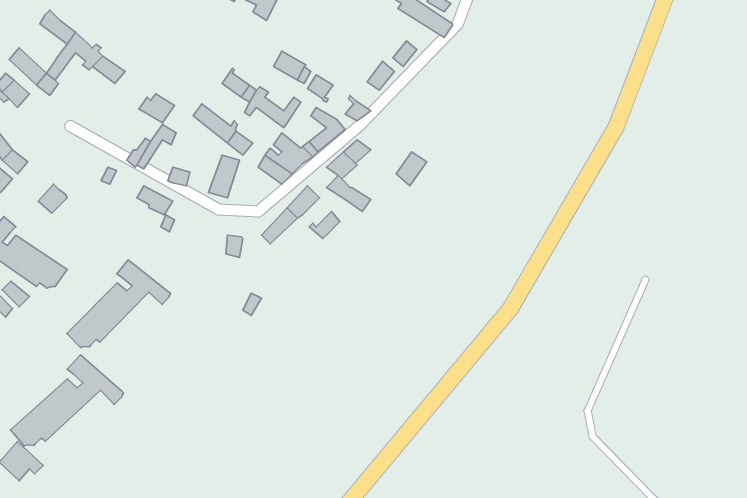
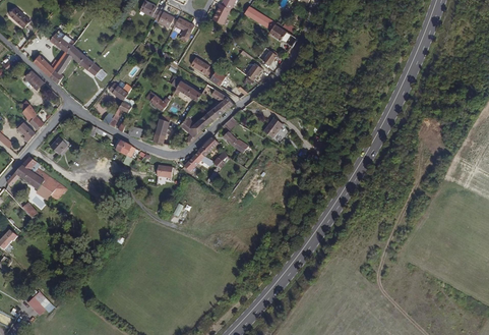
building: [67,260,171,348] -> none
building: [10,355,124,446] -> none

